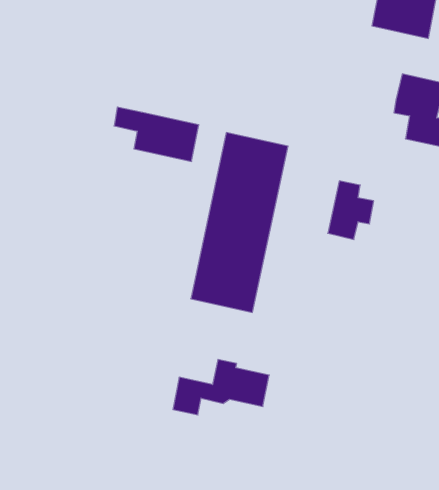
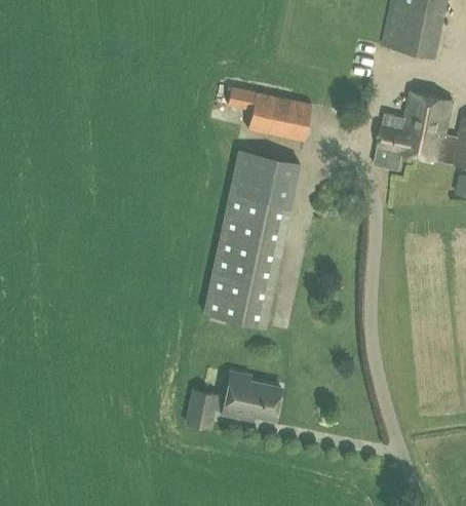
building: [114,107,199,161] -> [228,87,311,141]
building: [328,181,374,240] -> [373,114,418,171]

